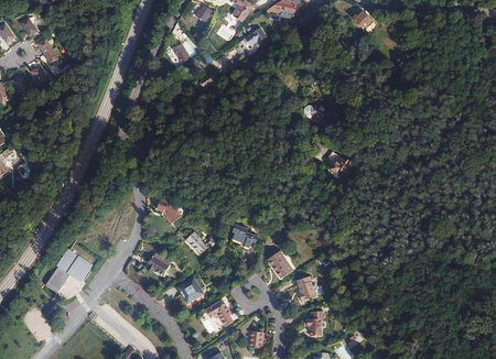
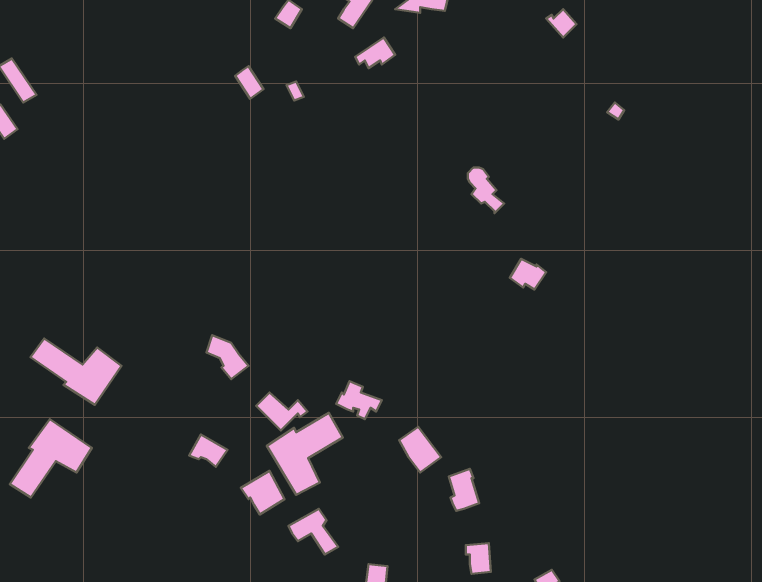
building: none -> [30,338,122,405]
building: none -> [267,413,343,495]

